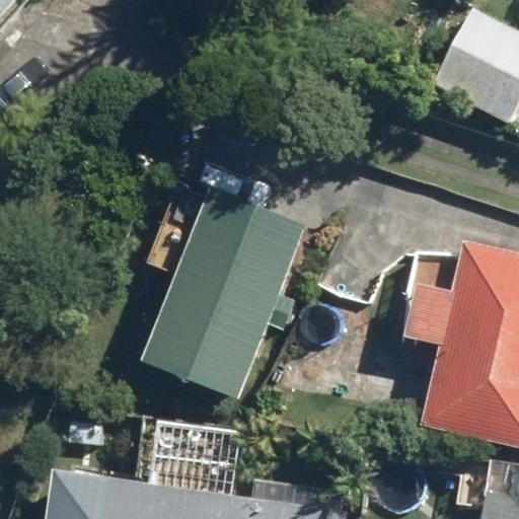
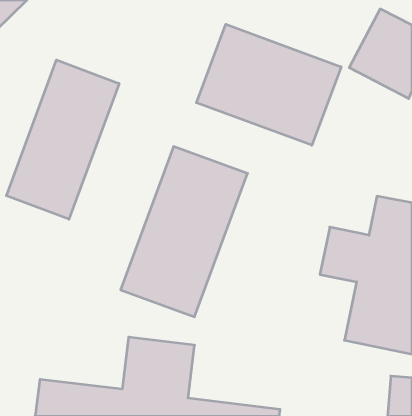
building: none -> [196,24,341,145]
building: none -> [6,60,119,219]

